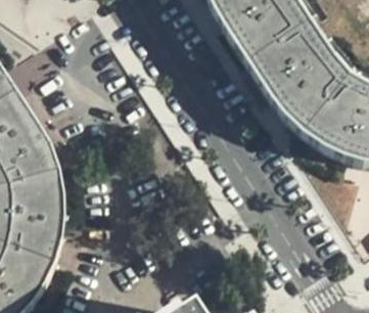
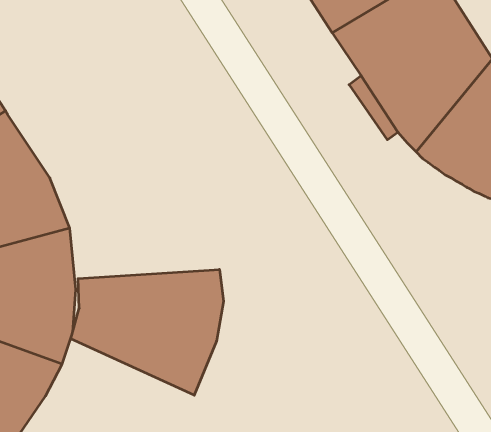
building: none -> [71,269,224,395]

